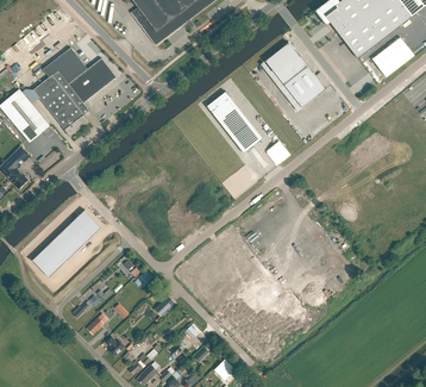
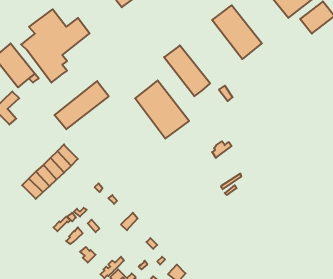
building: none -> [135,80,189,139]
building: none -> [54,81,109,129]

